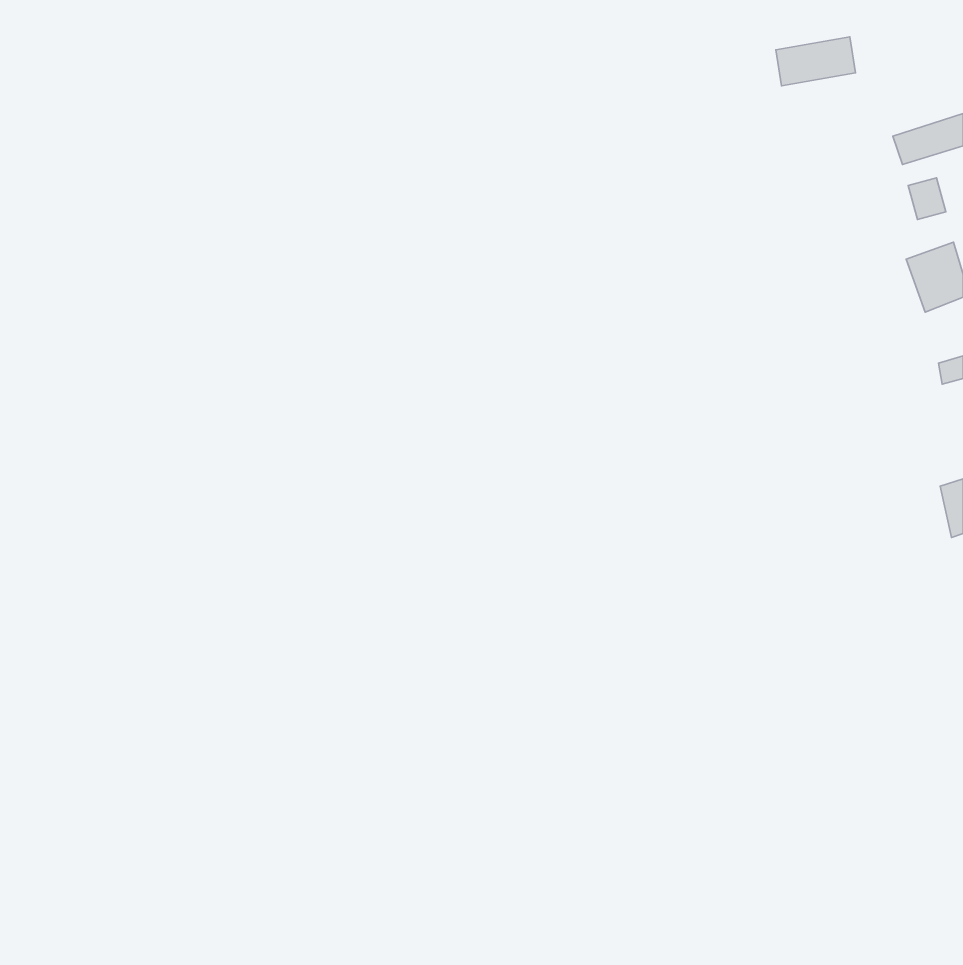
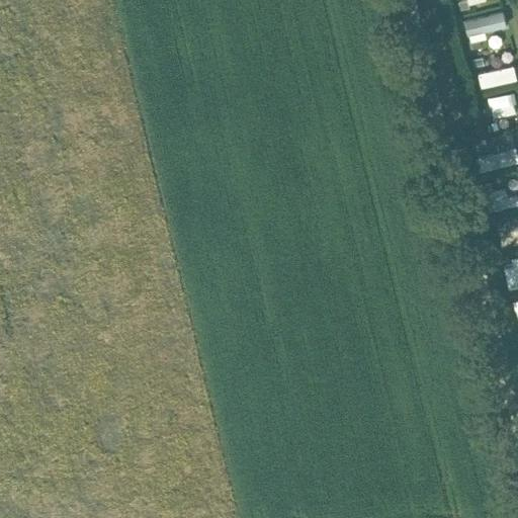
building: [776,37,855,86] -> [466,12,509,38]

